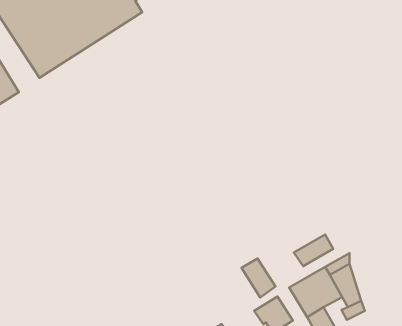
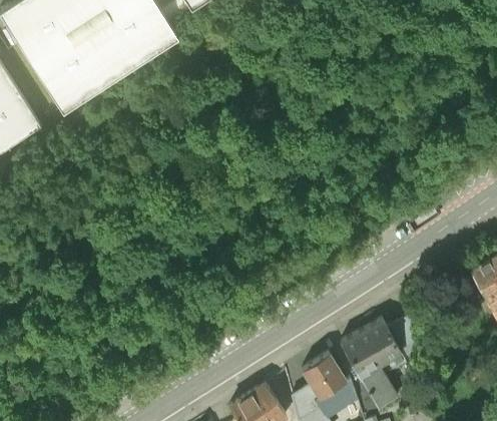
building: [294,234,333,266] -> none
building: [242,258,276,297] -> none

